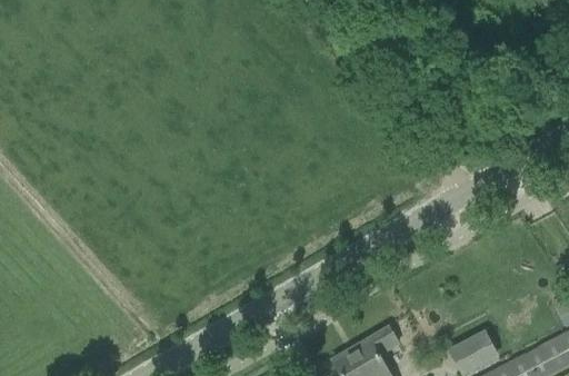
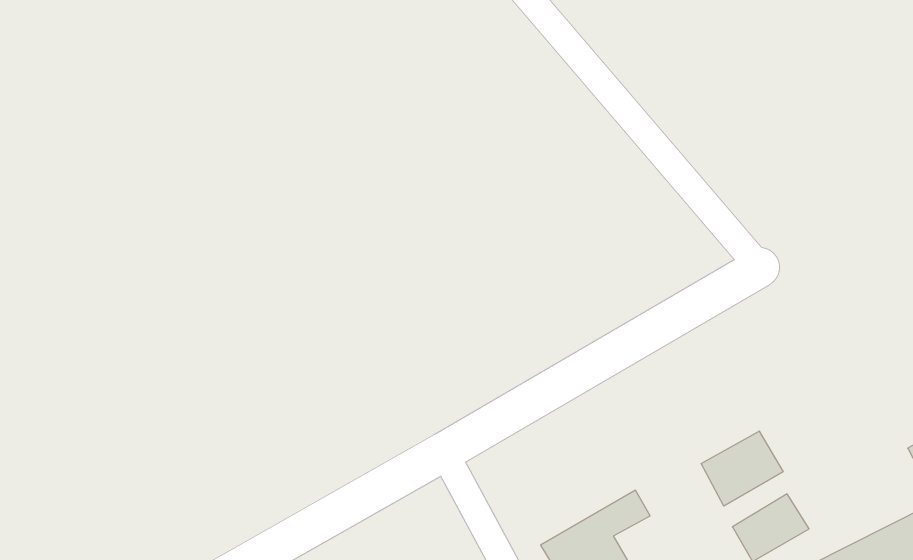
building: none -> [701,431,783,506]

